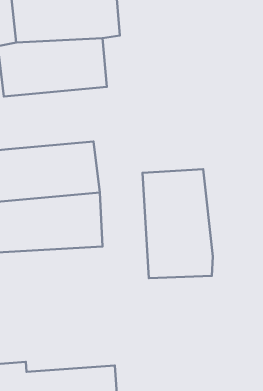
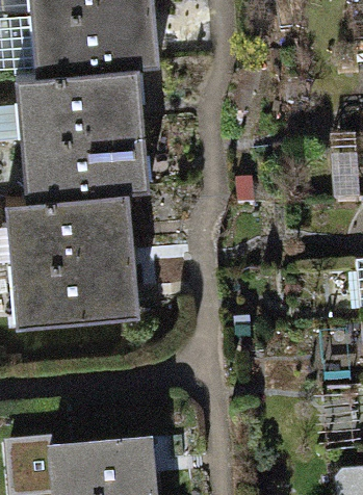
building: none -> [22,121,148,194]
building: [143,169,213,278] -> none

